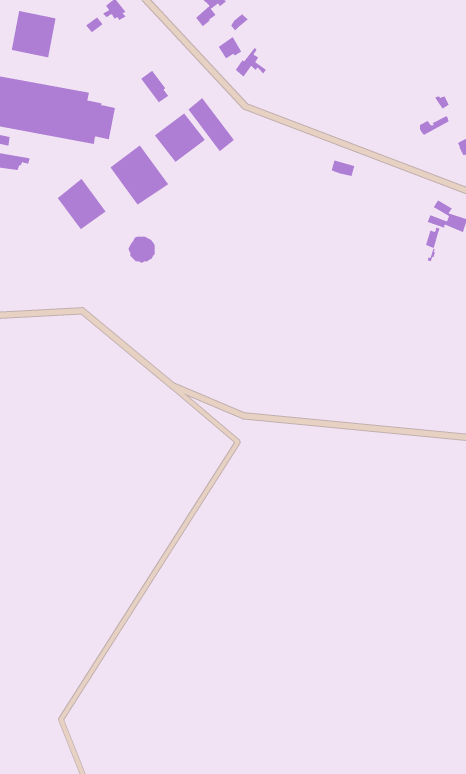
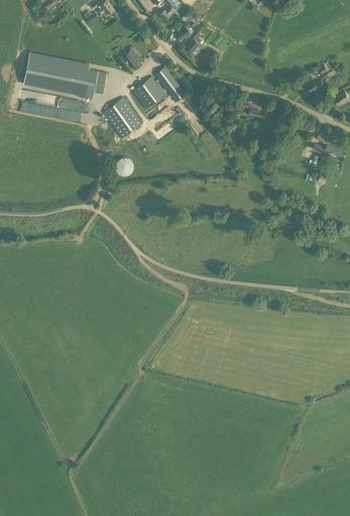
building: [11,10,56,58] -> none
building: [57,178,107,230] -> none

